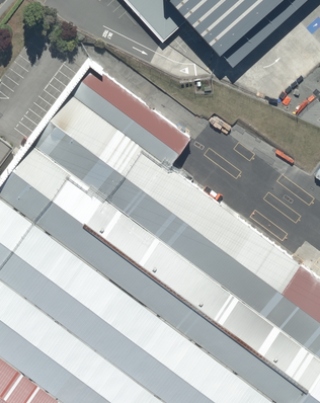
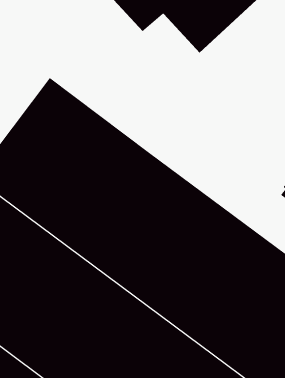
building: [67,60,191,166] -> none

